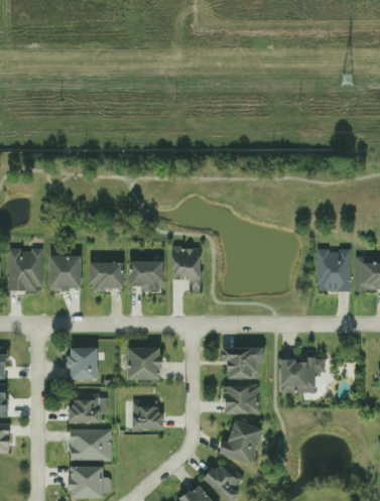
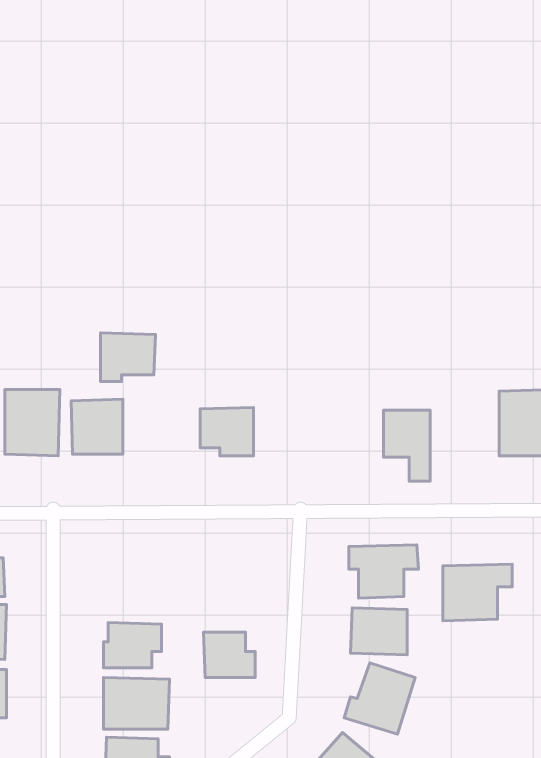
building: [172,247,202,291] -> [383,410,430,481]
building: [91,261,125,291] -> [101,333,156,381]
building: [70,347,98,379] -> none
building: [128,347,162,379] -> none

